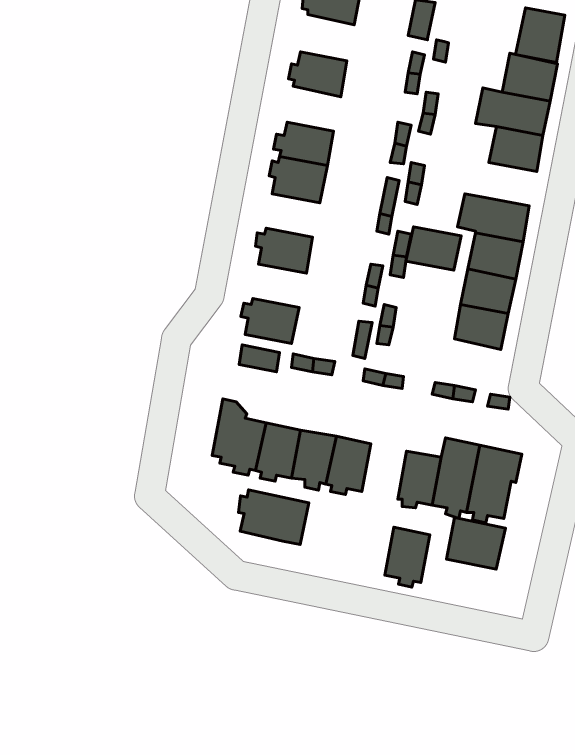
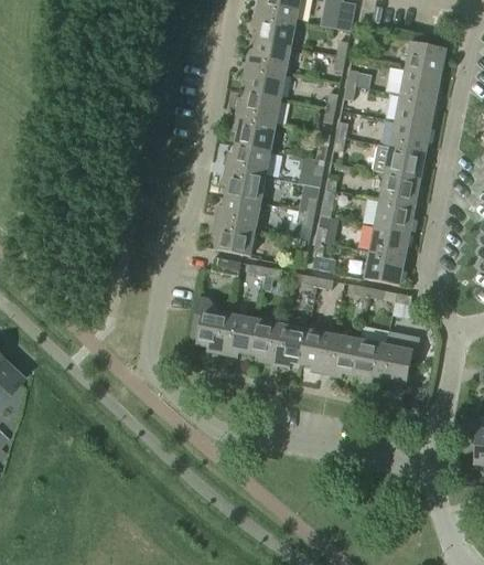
building: [516,8,565,62] -> none
building: none -> [254,12,297,46]
building: none -> [244,65,287,98]
building: none -> [227,145,271,177]
building: [406,227,461,270] -> [390,121,431,153]
building: none -> [217,196,261,228]
building: none -> [365,252,405,285]
building: [239,490,309,544] -> none
building: [447,518,505,569] -> none
building: [385,527,430,587] -> [302,329,335,373]

